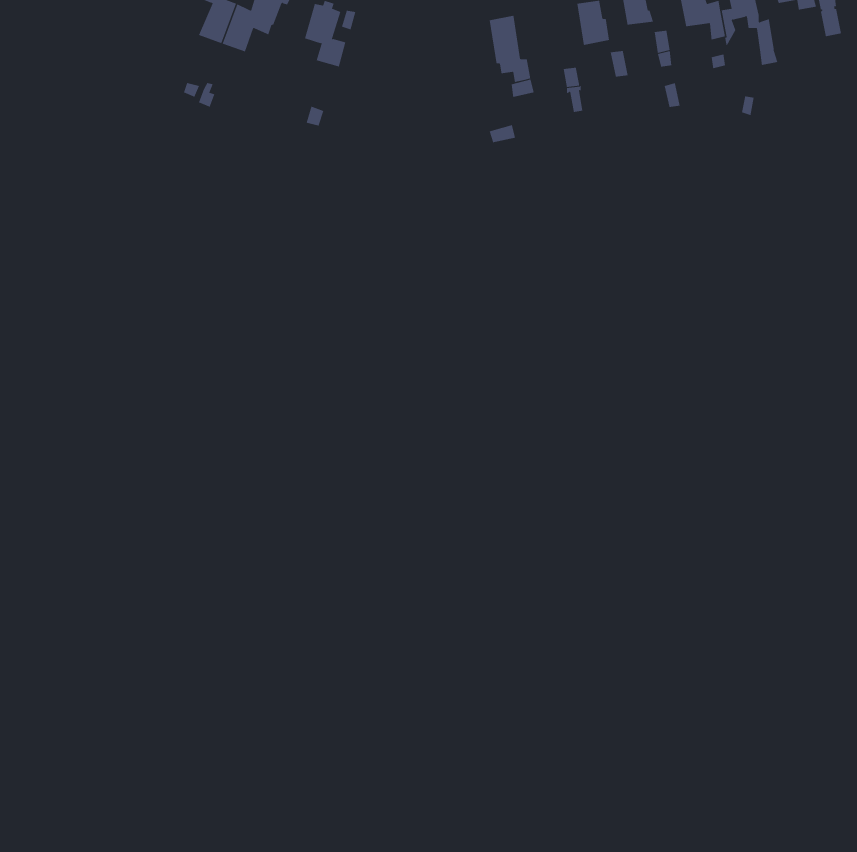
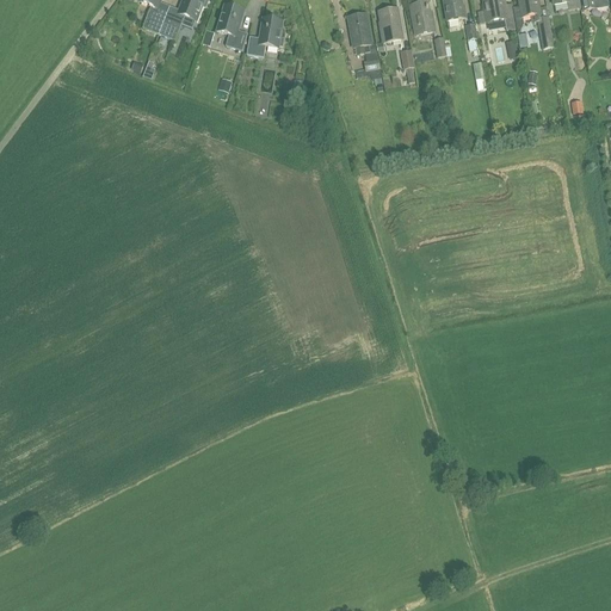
building: none -> [378,5,401,39]
building: none -> [245,16,283,55]

